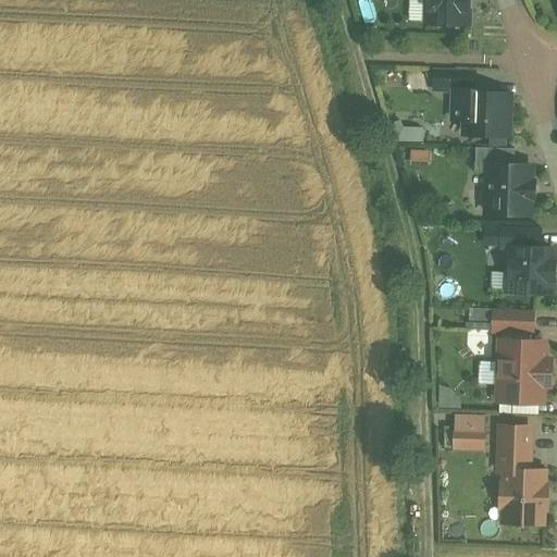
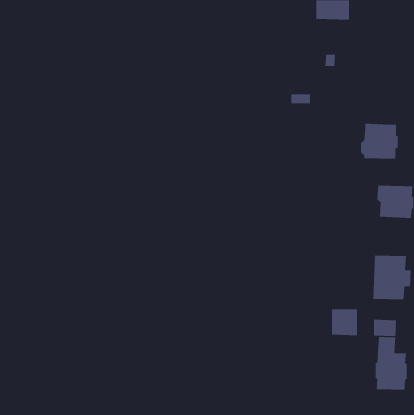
building: [453,89,508,135] -> none
building: [474,147,515,172] -> none
building: [500,226,540,248] -> none
building: [493,309,533,333] -> none

